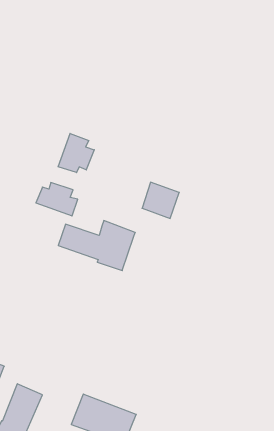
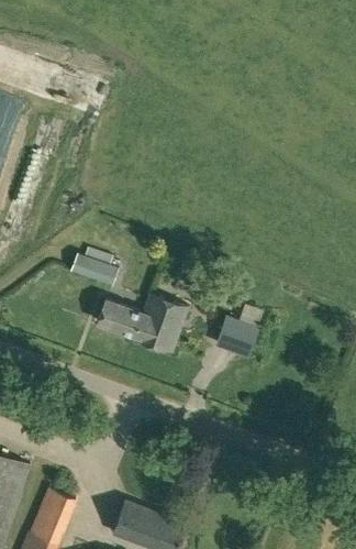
building: [58,133,94,173] -> none
building: [142,182,179,218] -> [215,316,259,359]

